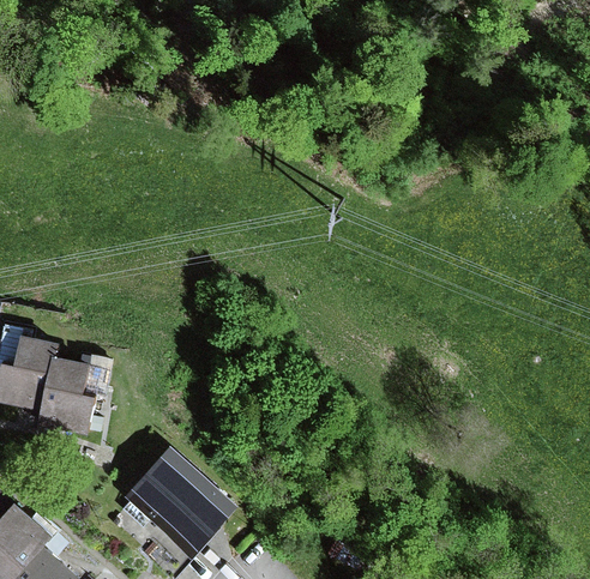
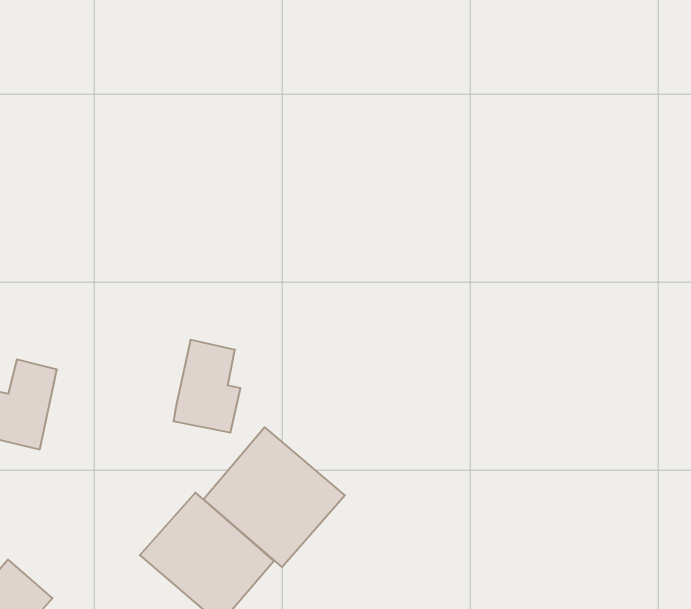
building: [37,356,94,434] -> [173,340,241,433]
building: none -> [203,427,345,567]

